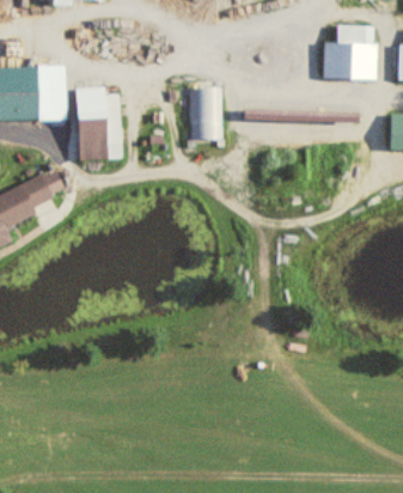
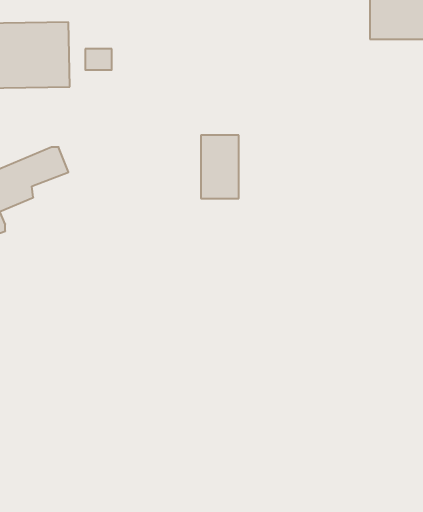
building: [189,87,221,141] -> [201,135,239,198]
building: [79,108,123,160] -> none

